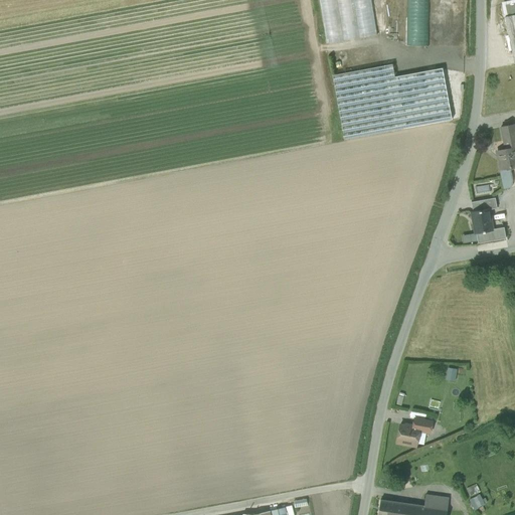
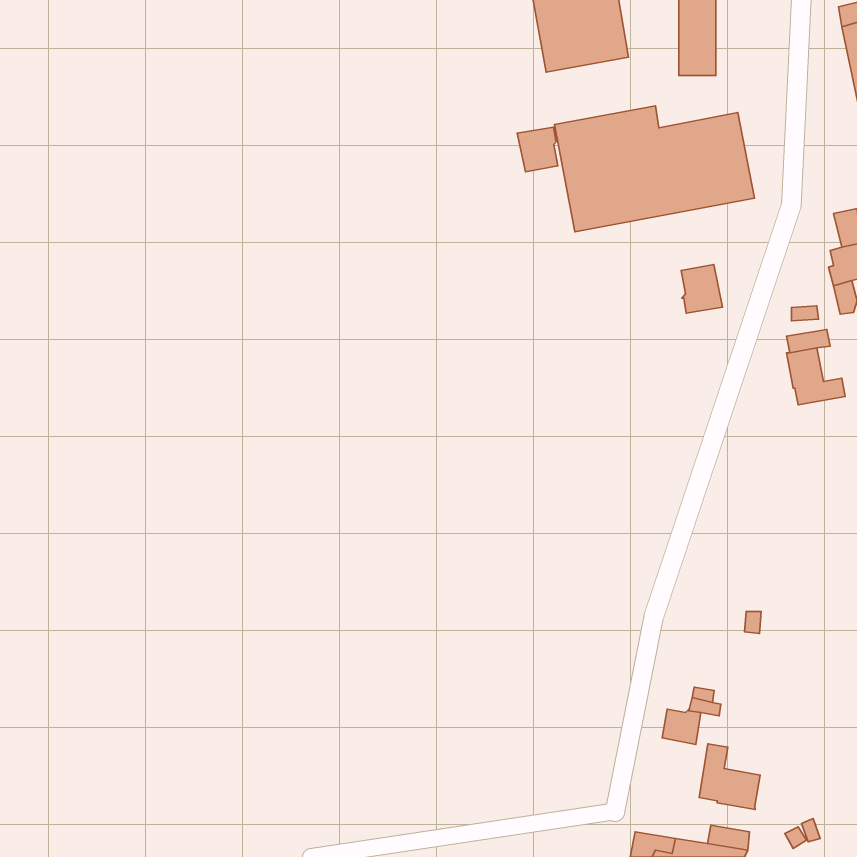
building: none -> [517,127,558,172]
building: none -> [681,264,723,313]
building: none -> [699,744,760,809]

